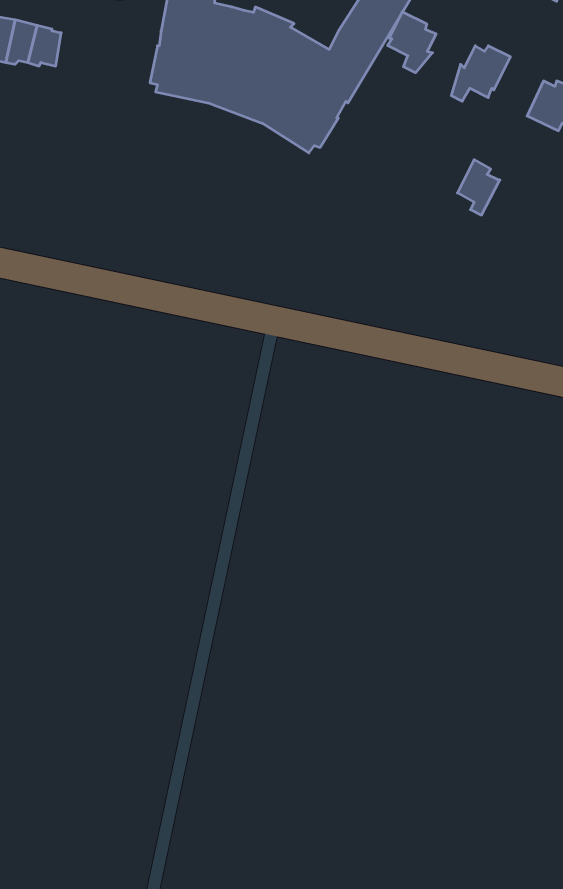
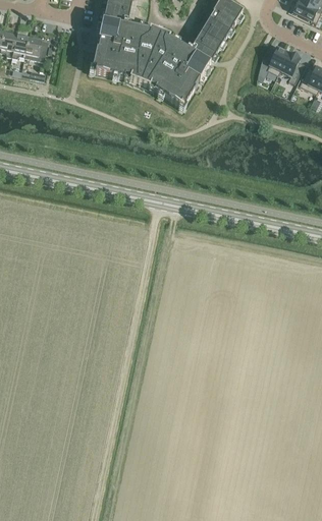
building: [388,12,436,73] -> none
building: [457,160,500,215] -> [281,52,305,82]

